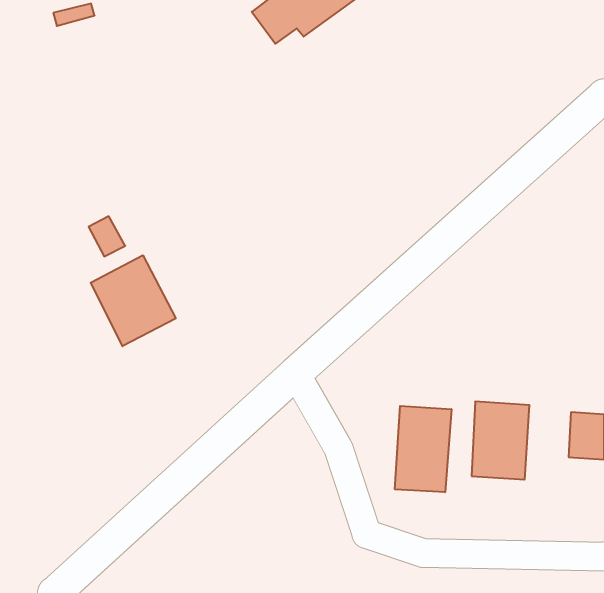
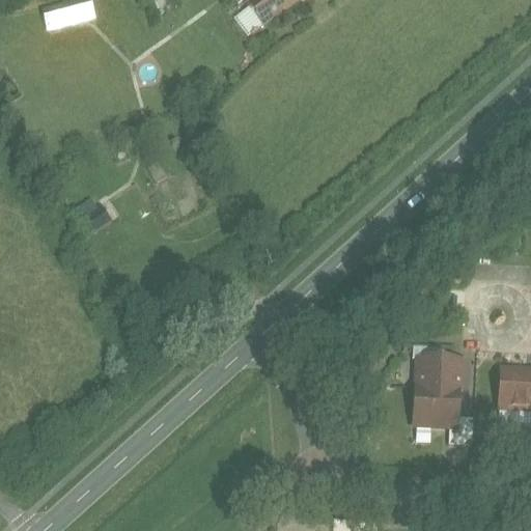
building: [91,255,176,346] -> none
building: [395,406,451,492] -> none

